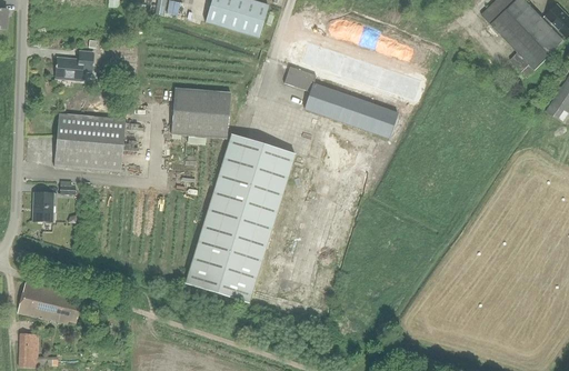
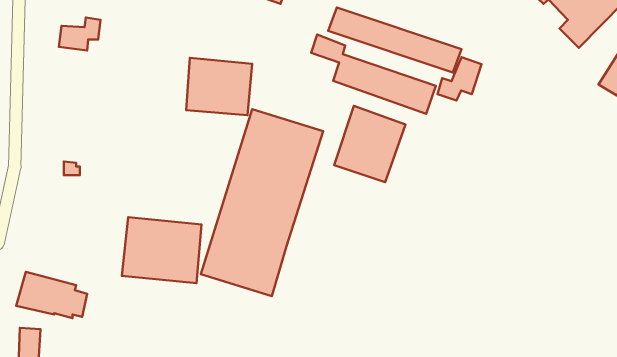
building: none -> [437,57,482,101]
building: [53,112,126,172] -> [122,217,201,283]
building: none -> [334,106,405,182]
building: [33,192,53,221] -> none

